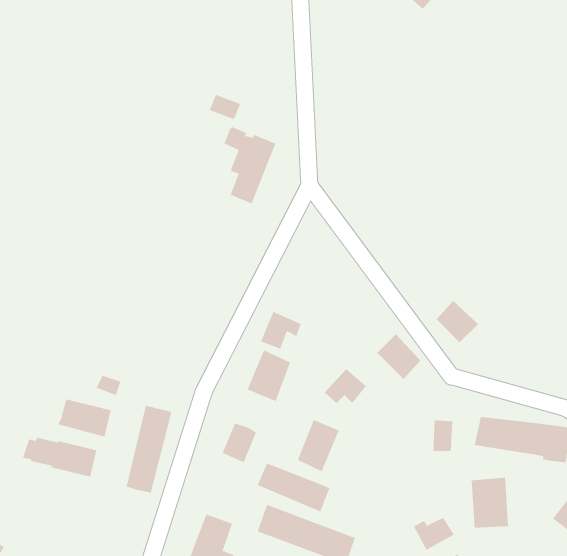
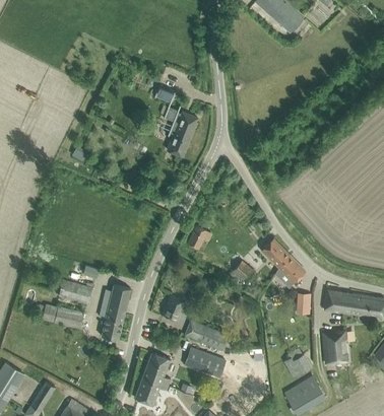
building: [436,300,479,343] -> [278,256,306,283]
building: [247,349,291,402] -> none
building: [297,419,340,472] -> none

